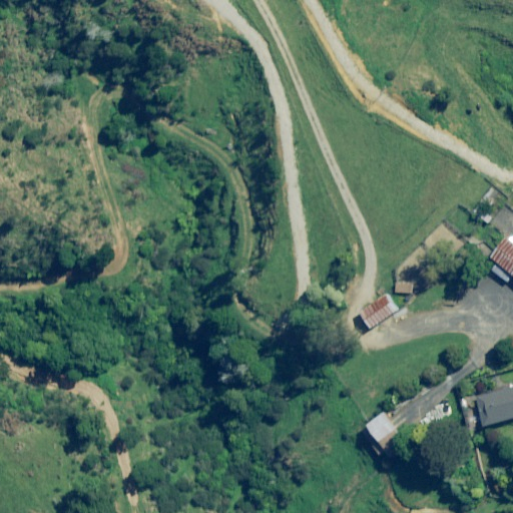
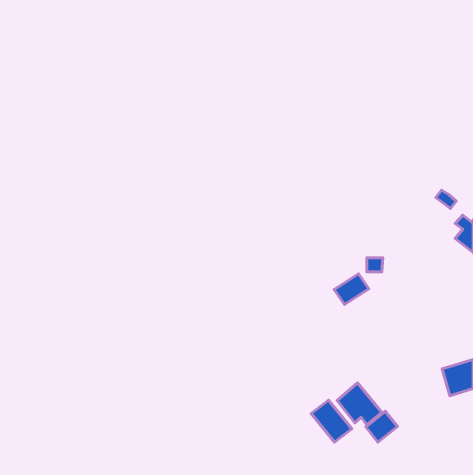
building: none -> [311,400,352,442]
building: none -> [366,411,397,442]

